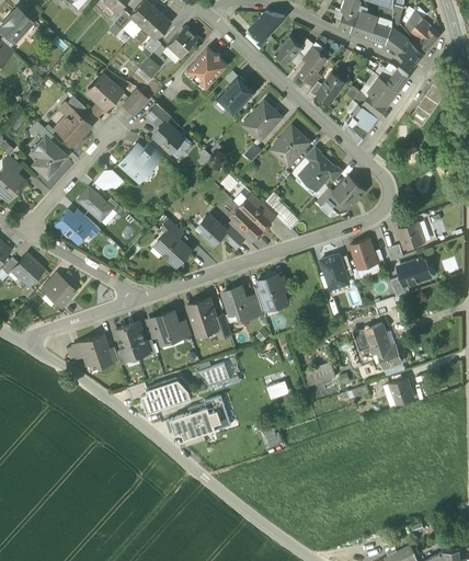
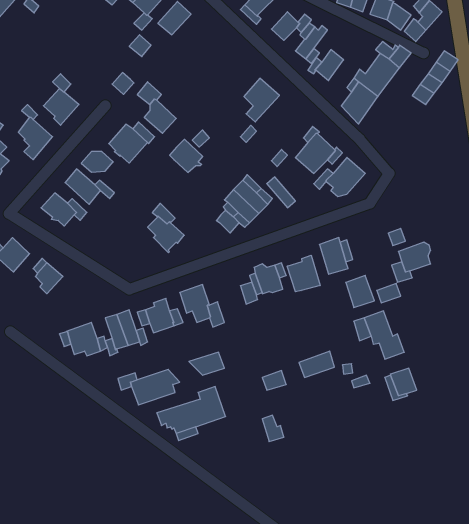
building: [186,49,227,90] -> none
building: [90,75,121,110] -> none
building: [218,78,254,115] -> none
building: [274,126,310,167] -> none
building: [195,215,227,247] -> [170,139,203,172]
building: [397,222,424,250] -> none
building: [351,239,378,270] -> [346,275,374,308]
building: none -> [287,255,320,292]
building: [222,287,251,320] -> none

